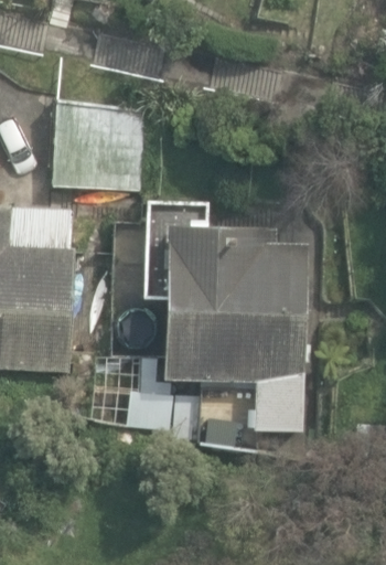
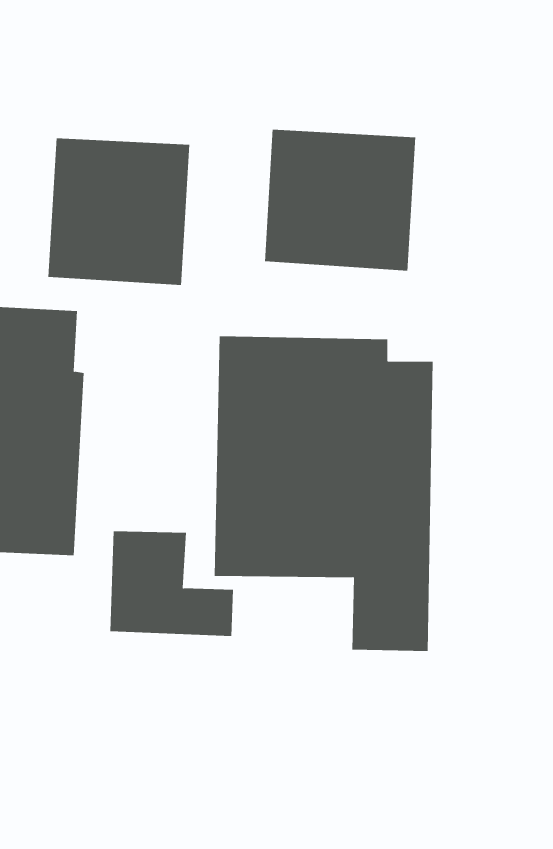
building: none -> [264,129,416,271]

